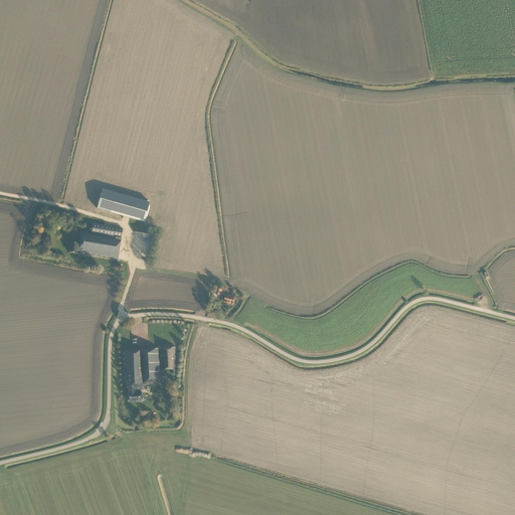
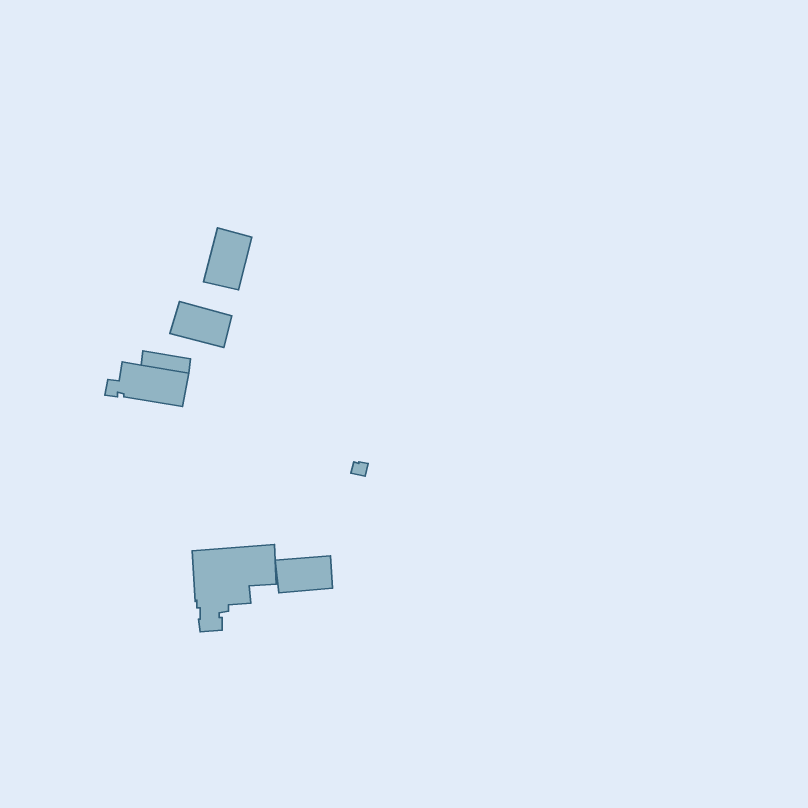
building: none -> [203,228,252,290]
building: none -> [275,556,332,593]

